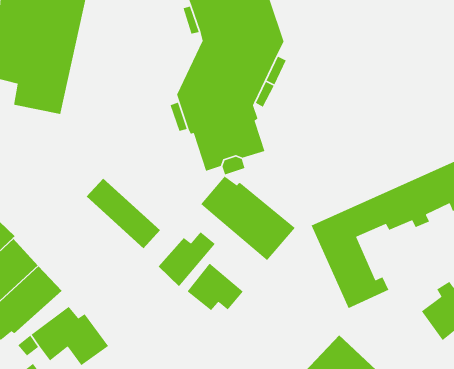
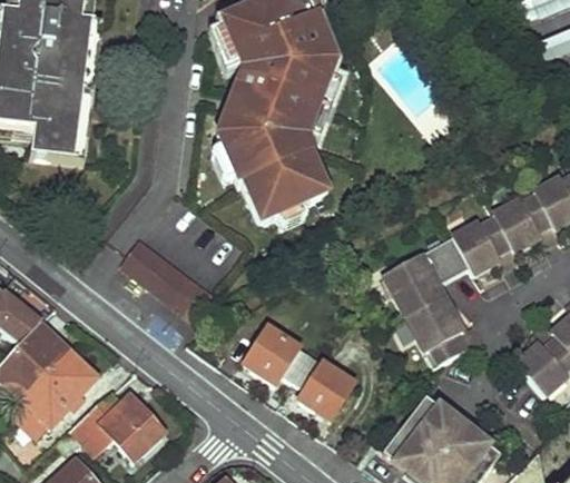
building: [200,175,296,261] -> none
building: [158,231,216,287] -> none
building: none -> [295,356,354,420]

